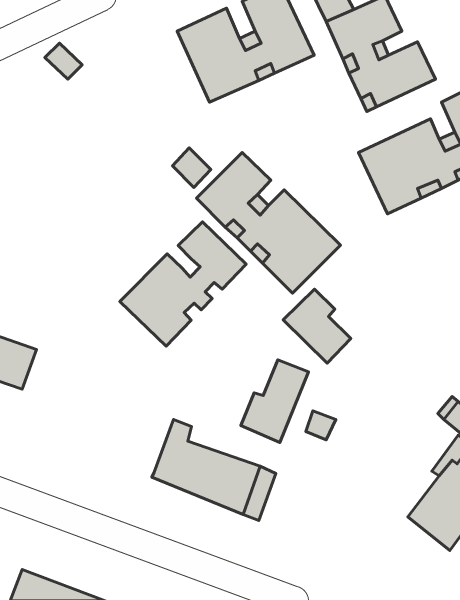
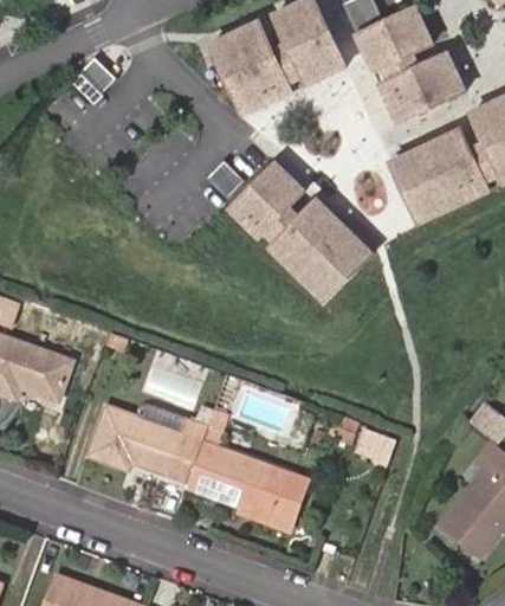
building: [120,222,246,346] -> none
building: [283,289,351,363] -> none
building: [241,360,309,443] -> none
building: none -> [91,405,213,478]

